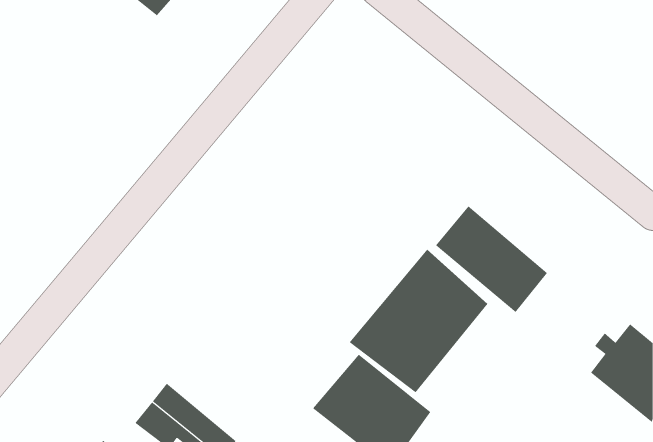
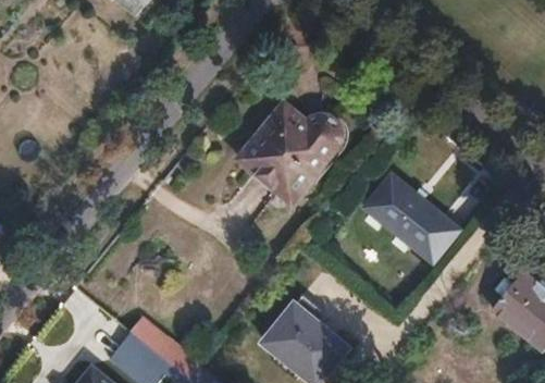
building: none -> [237,106,336,205]
building: [349,249,488,393] -> none

